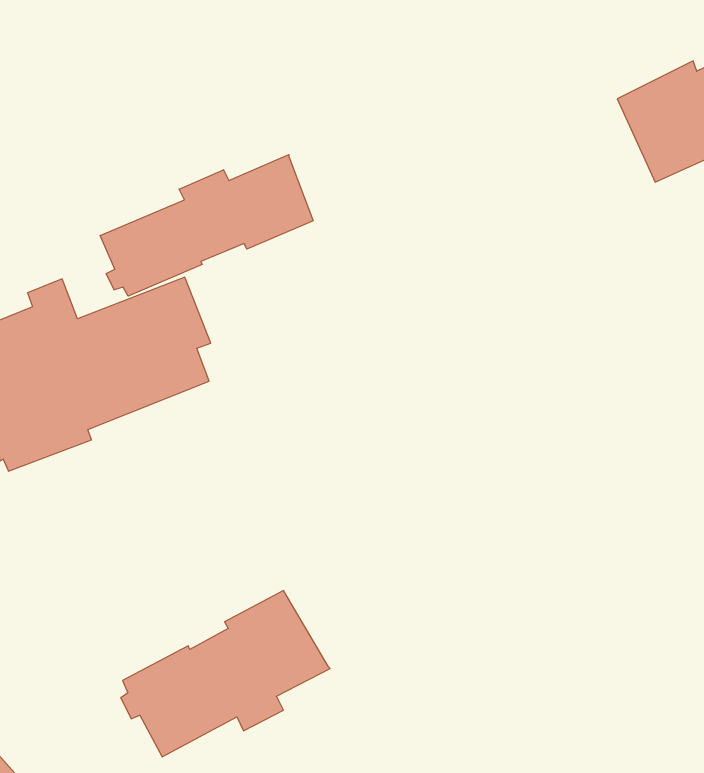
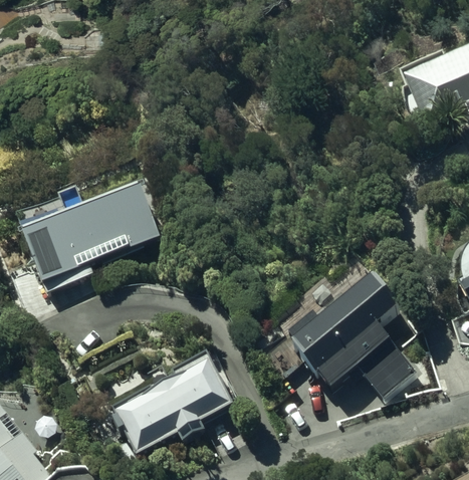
building: [100,155,313,296] -> none
building: none -> [284,278,414,393]

